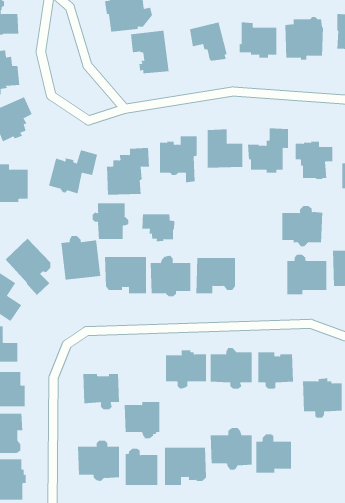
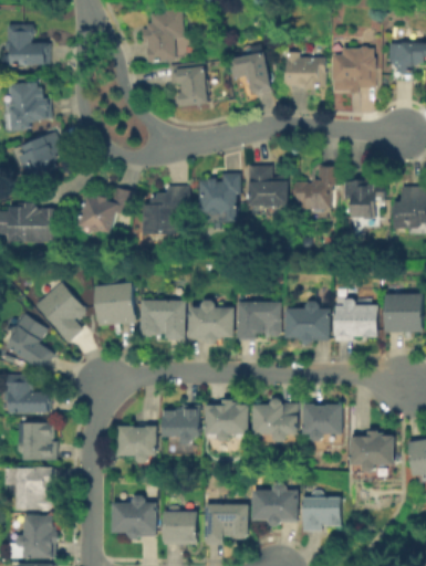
building: [92,203,129,240] -> none
building: [282,205,323,247] -> [285,301,330,345]
building: [142,213,175,242] -> none
building: [124,402,160,439] -> [160,405,199,444]

